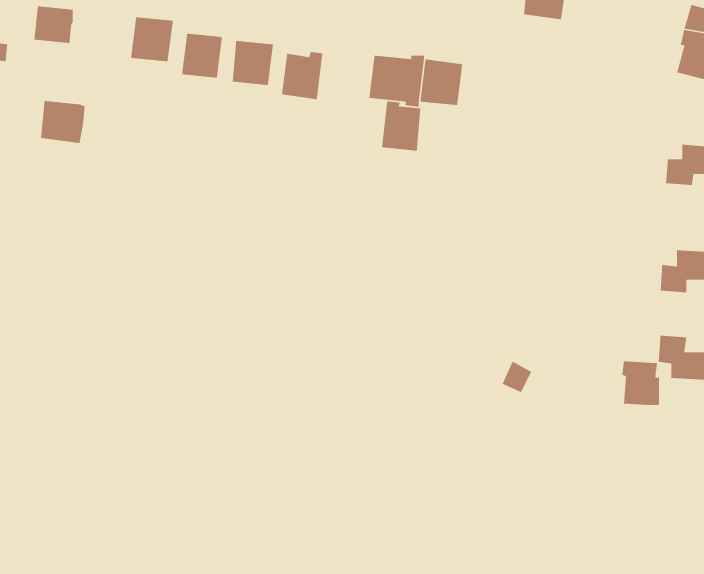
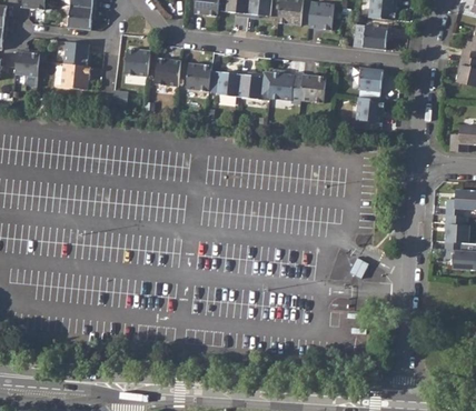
building: none -> [359,67,386,92]
building: none -> [356,97,384,123]
building: [40,100,86,144] -> [61,62,89,89]
building: [381,100,421,151] -> [237,70,261,101]
building: [622,360,660,406] -> [445,215,468,243]

